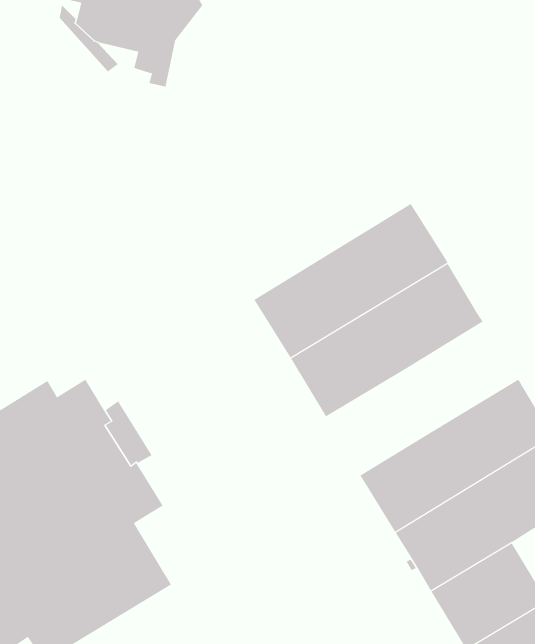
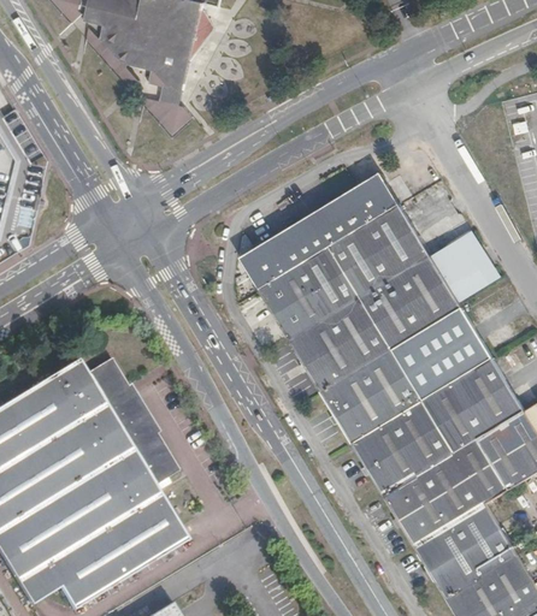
building: none -> [143,96,191,134]
building: none -> [240,172,397,288]
building: none -> [430,230,497,300]
building: none -> [321,307,492,443]

